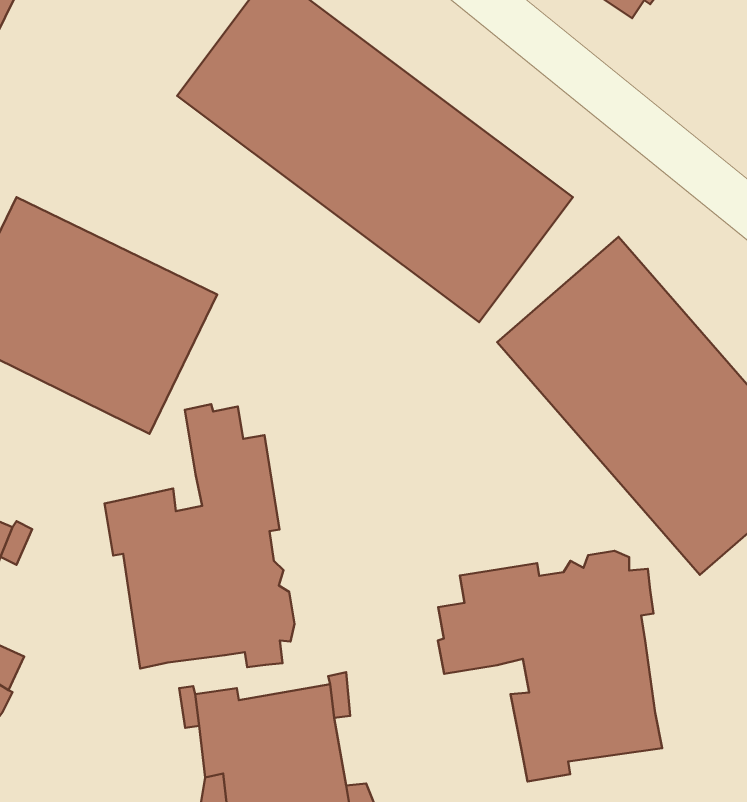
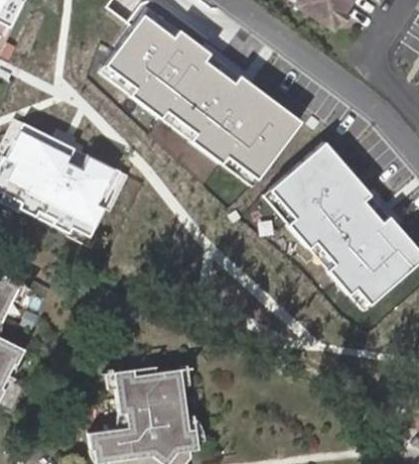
building: [104,404,294,669] -> none
building: [438,551,662,782] -> none

